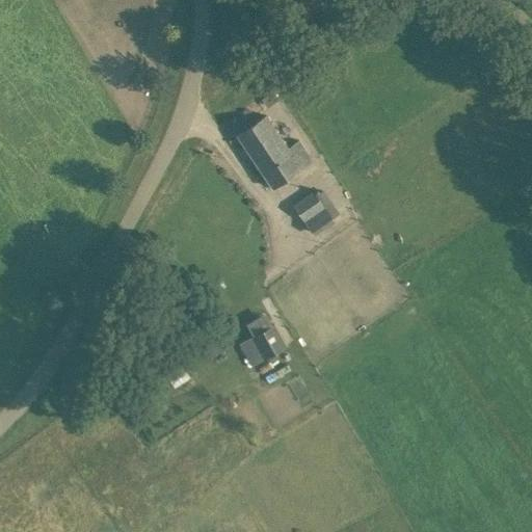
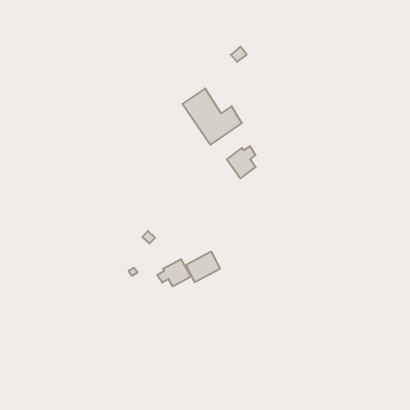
building: none -> [157,259,191,286]

